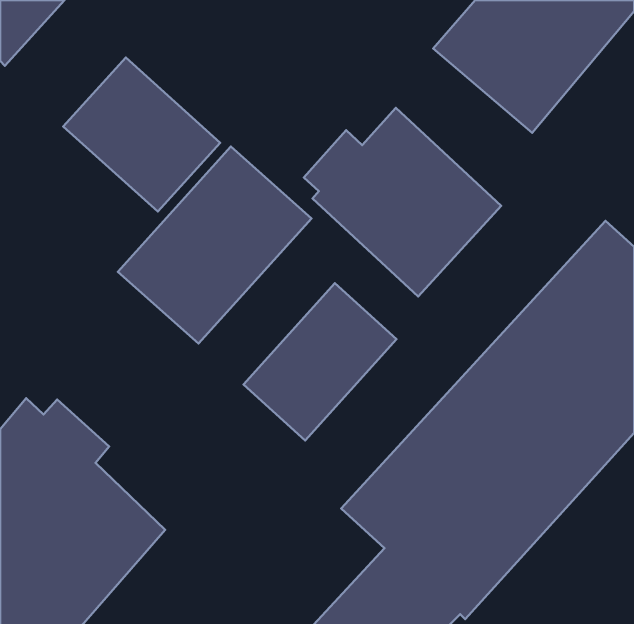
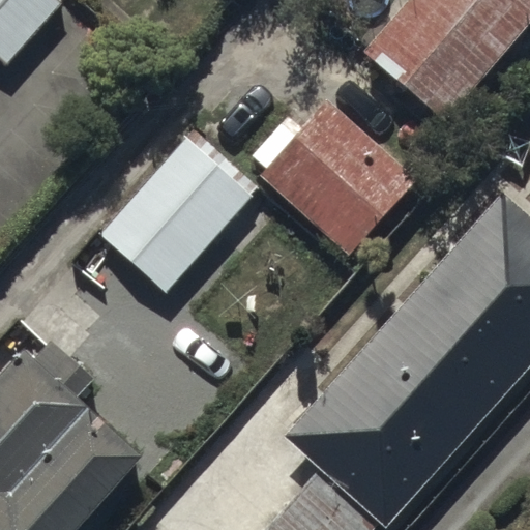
building: [63,58,220,211] -> none
building: [244,283,396,441] -> none

